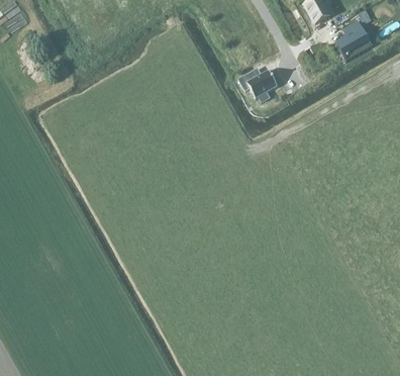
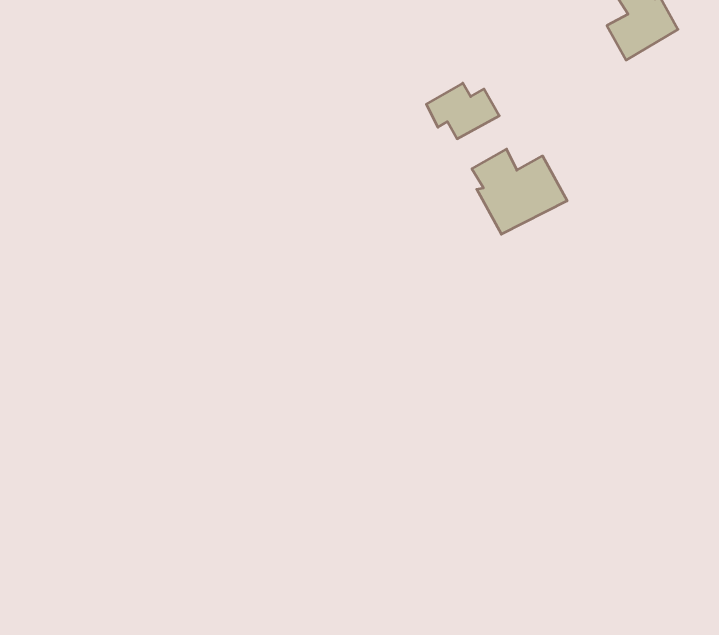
building: none -> [472,149,567,234]

